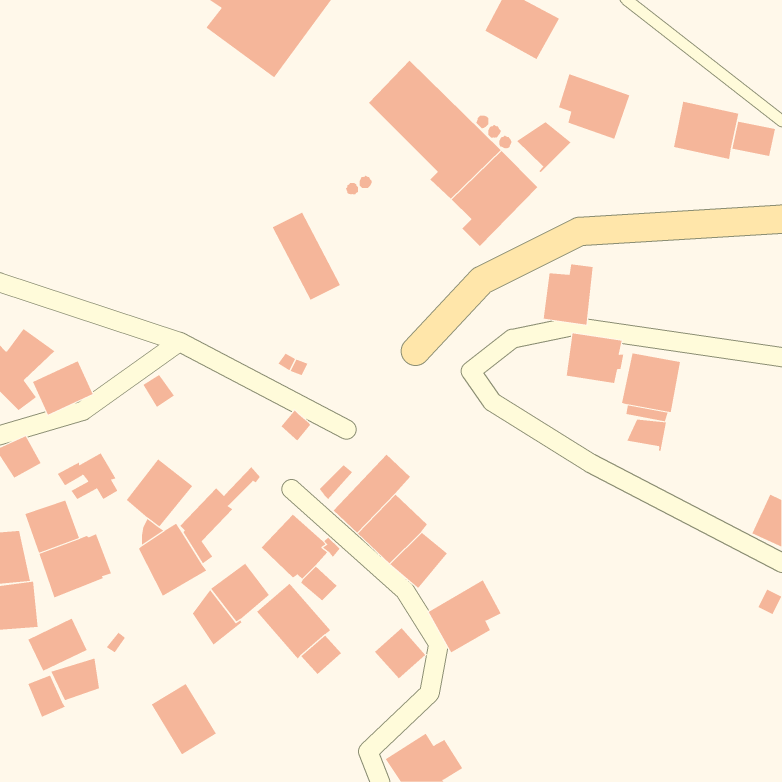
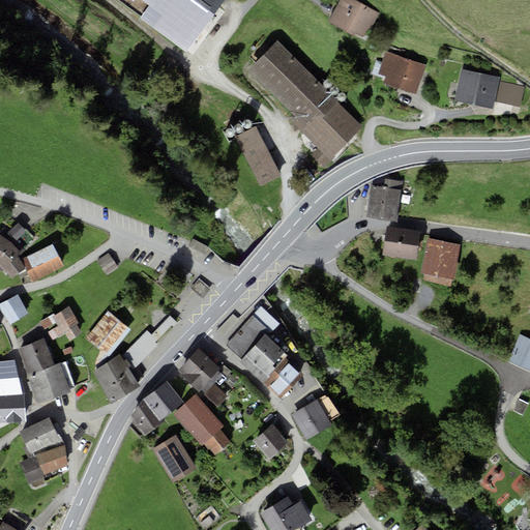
building: [516,121,572,173] -> none
building: [272,212,341,301] -> [234,126,281,186]
building: [626,419,667,451] -> none
building: [151,683,217,755] -> [151,434,196,482]

